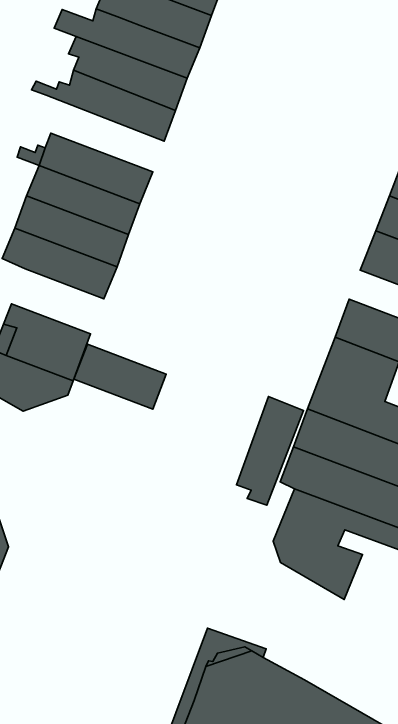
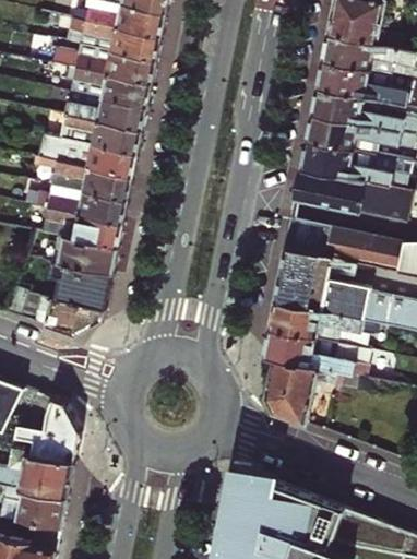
building: none -> [51,110,141,152]
building: [74,344,166,409] -> [52,235,117,273]
building: [237,397,304,505] -> none

